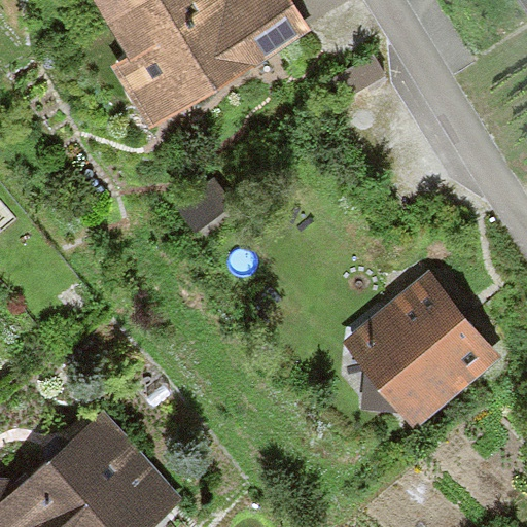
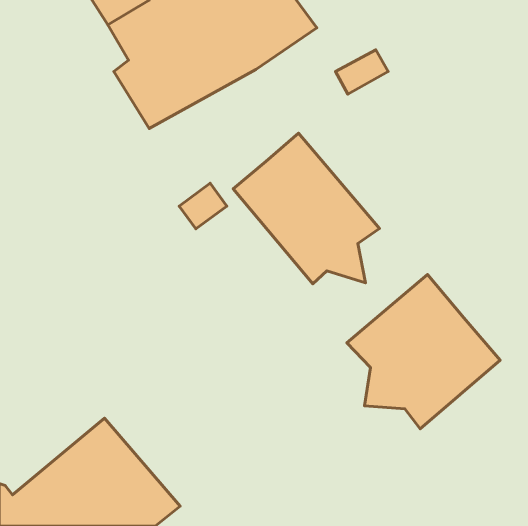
building: none -> [233,133,379,284]

